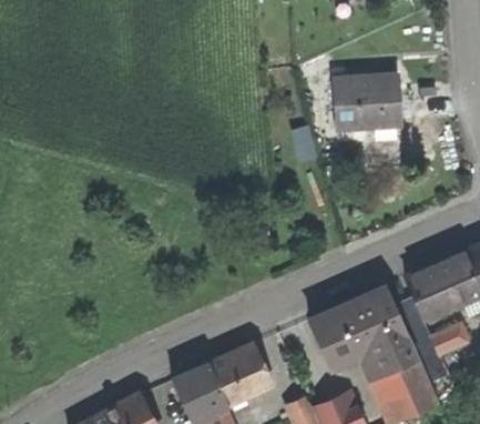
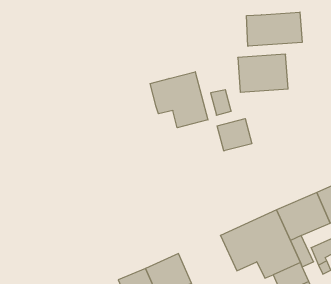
building: none -> [247,12,302,46]
building: none -> [150,72,208,128]
building: none -> [217,119,252,151]

